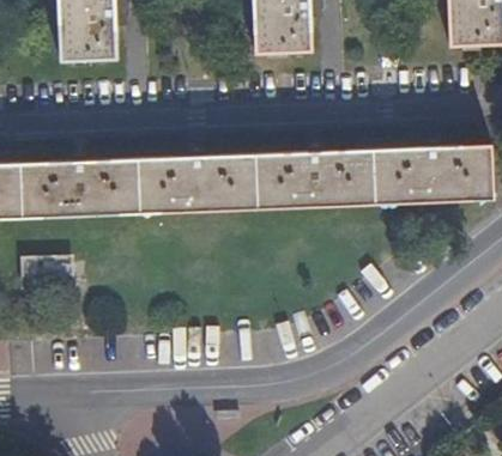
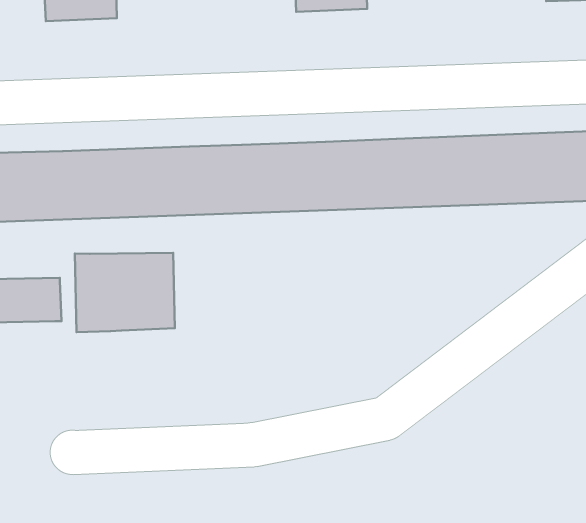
building: none -> [75,253,175,332]

